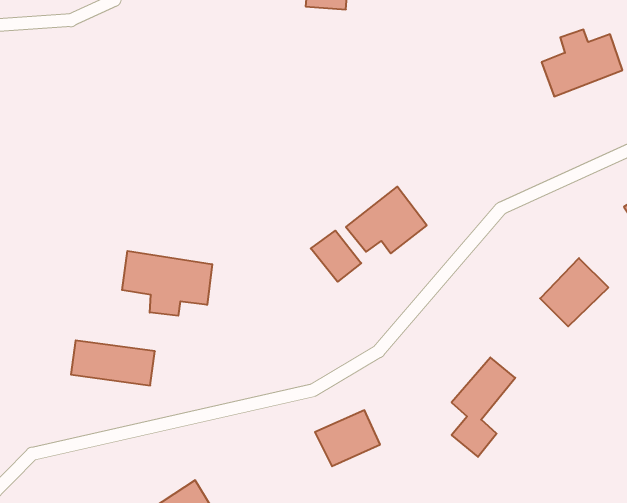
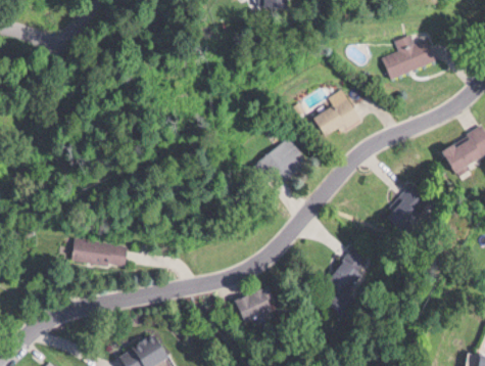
building: none -> [312,95,359,140]
building: [311,231,361,282] -> none
building: [122,251,212,316] -> none

